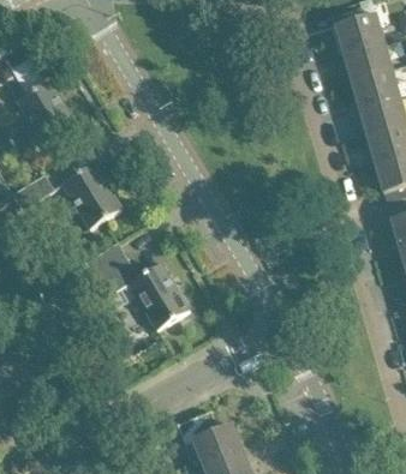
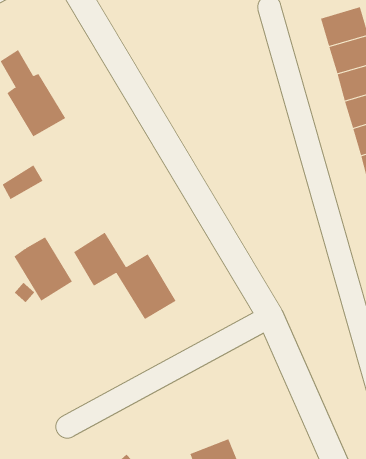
building: [62,163,123,229] -> [13,236,73,302]
building: [178,412,243,466] -> none

